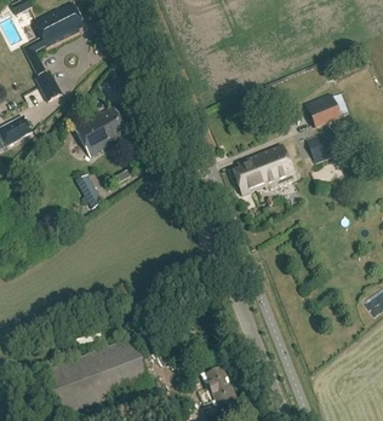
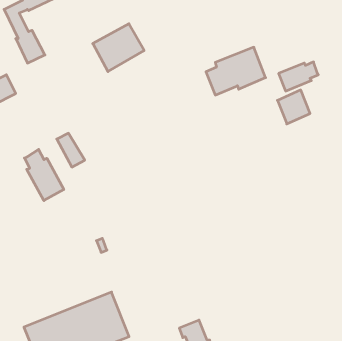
building: [75,104,128,154] -> [93,24,144,72]
building: [231,144,293,194] -> [206,47,266,95]
building: none -> [24,149,64,201]

